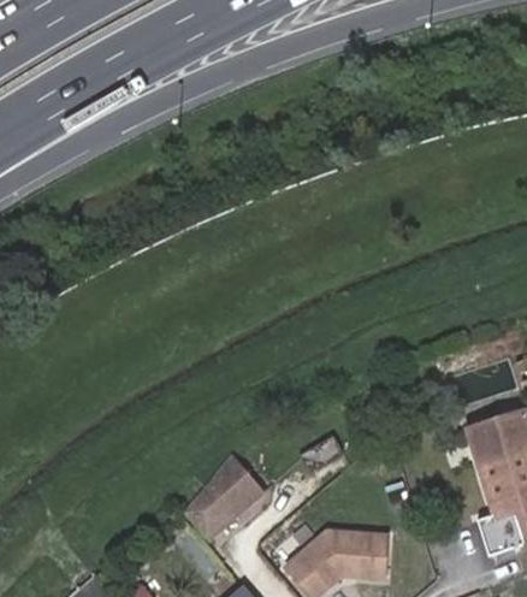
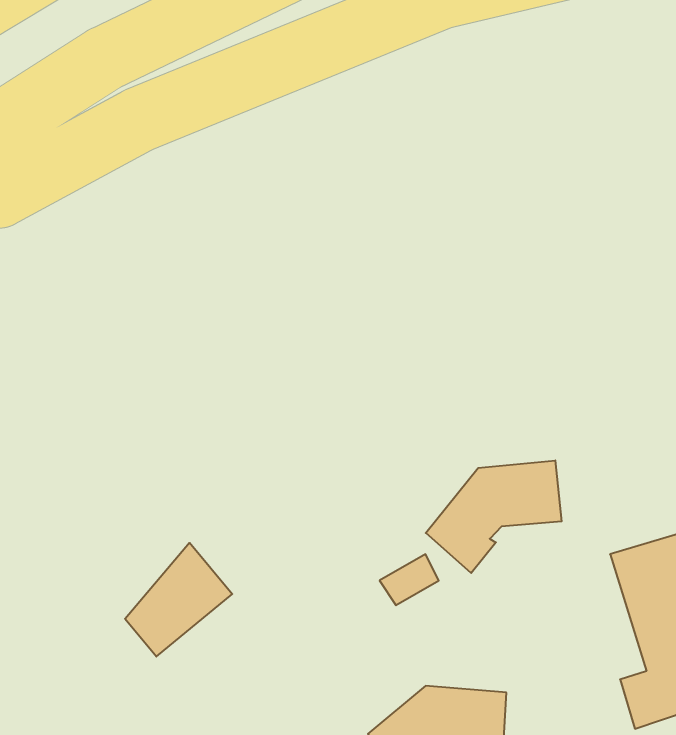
building: none -> [426,460,562,573]
building: [186,456,265,539] -> [125,543,232,657]

